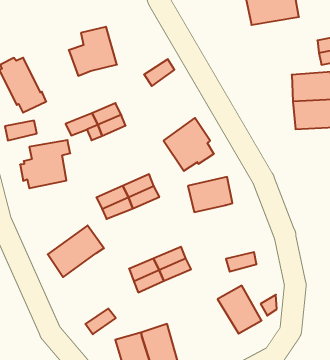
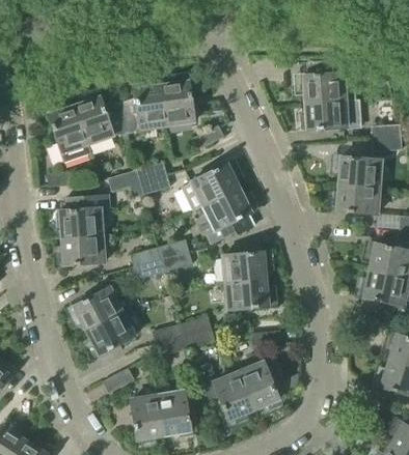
building: none -> [307,98,361,130]
building: none -> [161,81,194,124]
building: none -> [74,96,127,143]
building: none -> [182,164,239,209]
building: none -> [63,234,104,264]
building: none -> [226,278,269,310]
building: none -> [86,311,136,354]
building: none -> [194,365,255,420]

